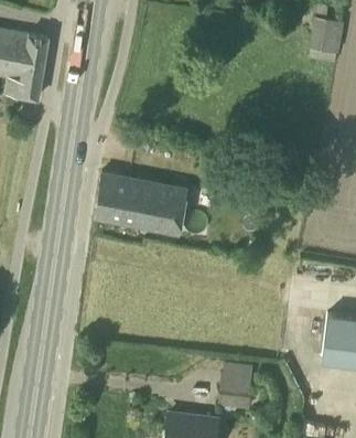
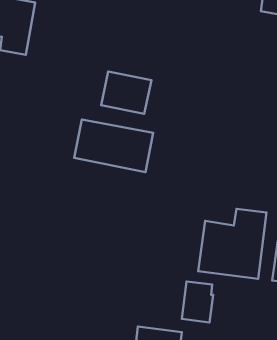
building: none -> [101,71,151,114]
building: none -> [198,209,267,279]

